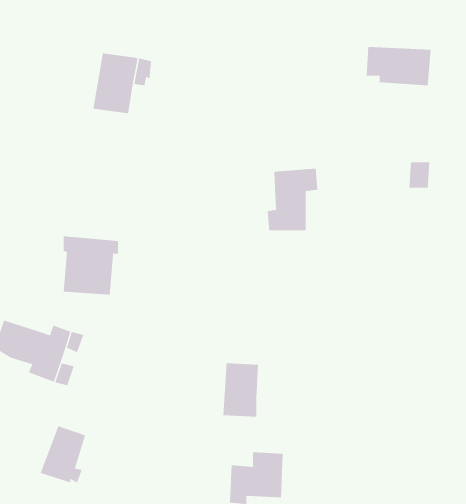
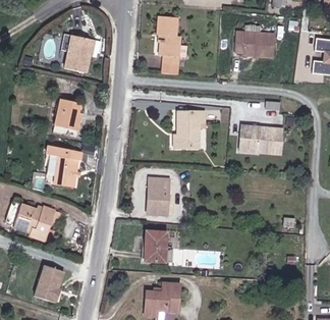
building: none -> [154,17,178,74]
building: none -> [56,100,82,132]
building: none -> [238,124,281,153]
building: none -> [149,178,169,214]

